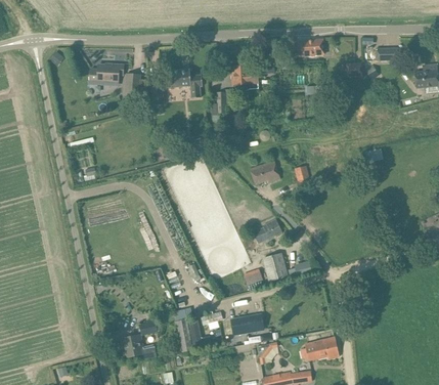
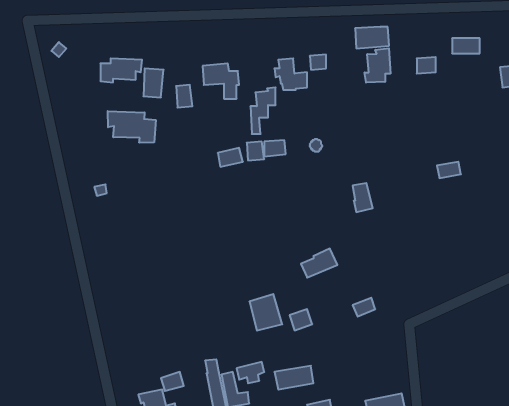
building: none -> [365,48,390,83]
building: none -> [108,111,156,143]
building: [251,161,280,184] -> none
building: [262,252,289,282] -> [249,294,282,331]

